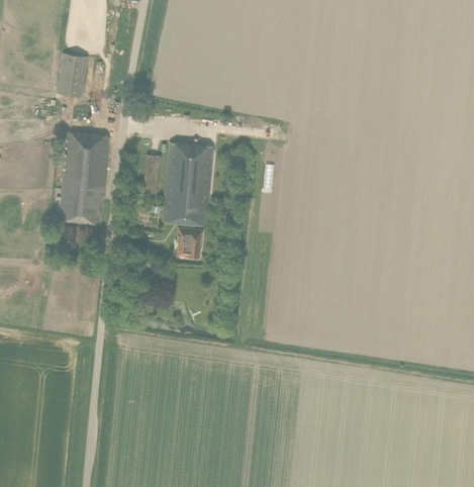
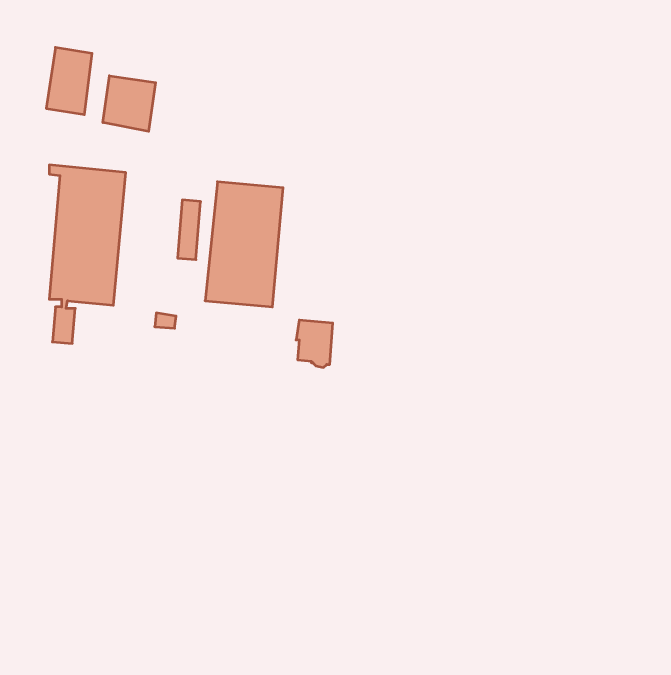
building: none -> [103,76,156,131]
building: [177,226,201,258] -> [296,320,333,367]

